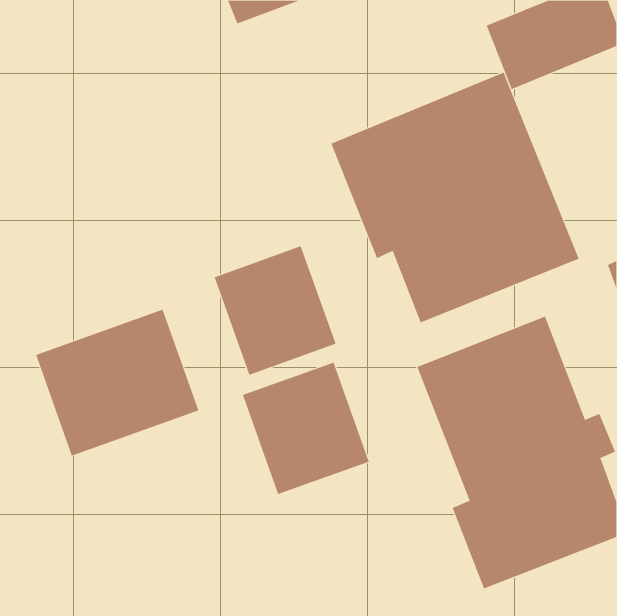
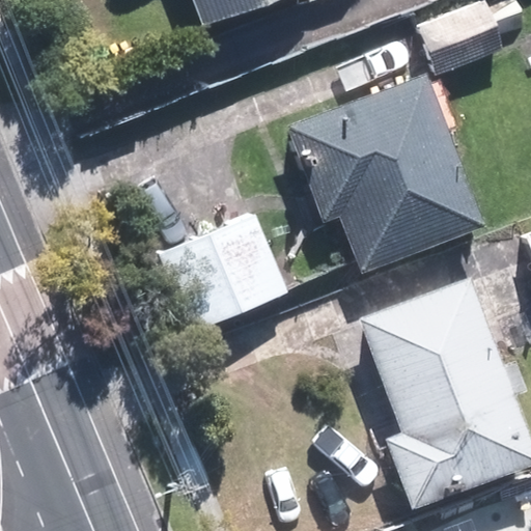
building: [36,309,199,456] -> none
building: [242,362,370,495] -> none

